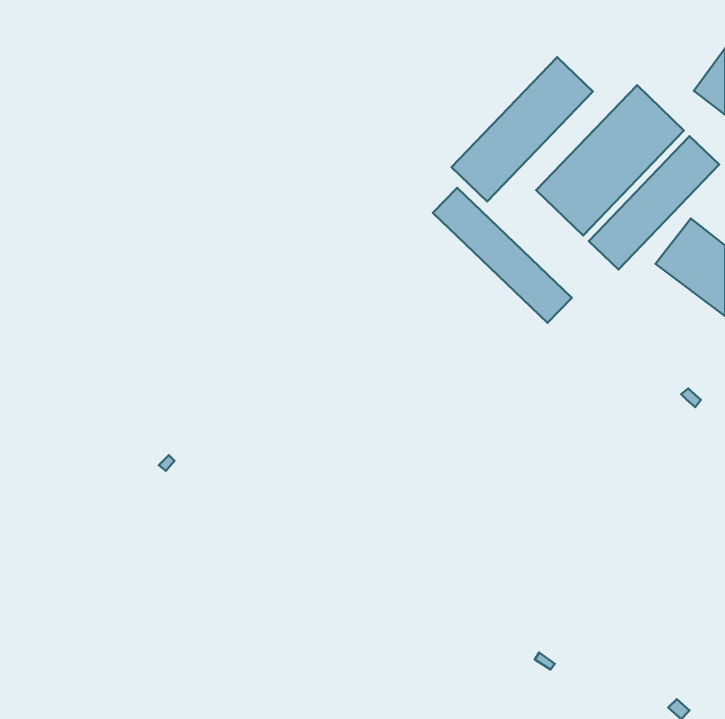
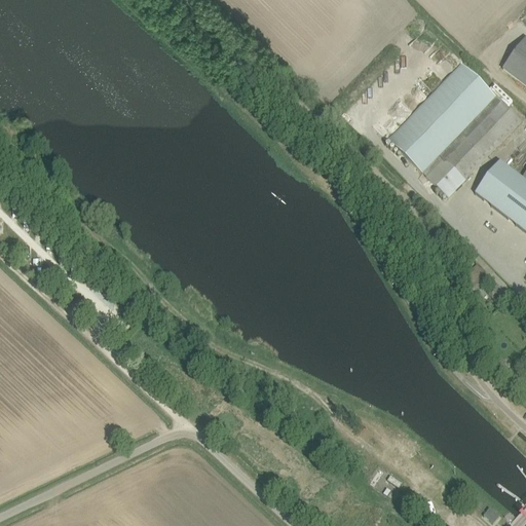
building: [451,57,593,202] -> none
building: [433,188,572,323] -> none

